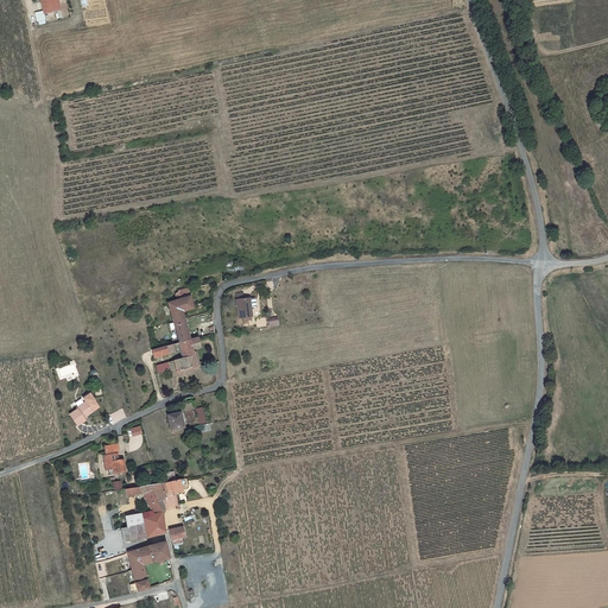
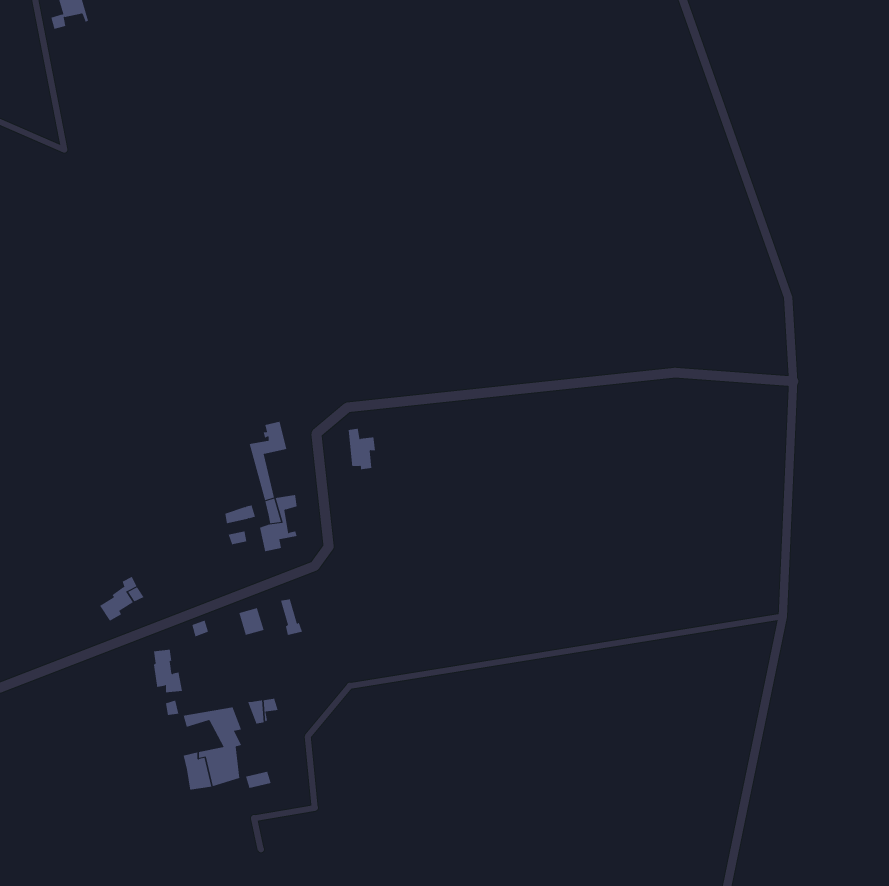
building: [126,544,167,591] -> none

